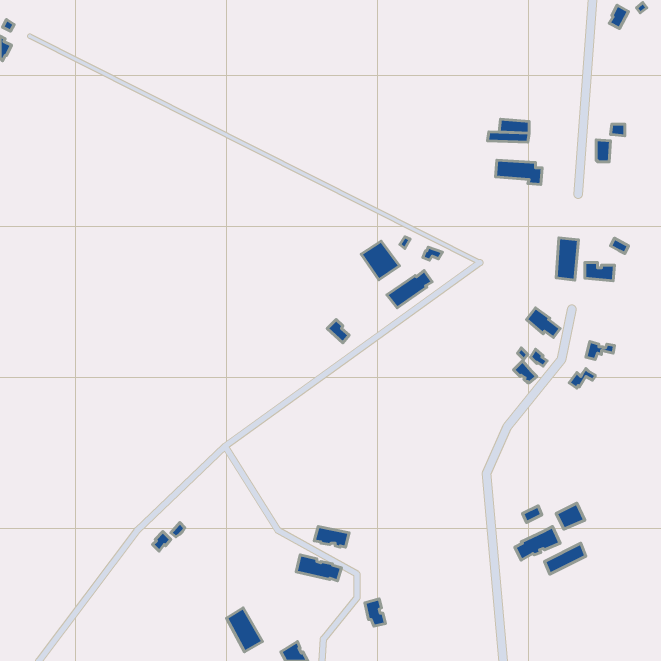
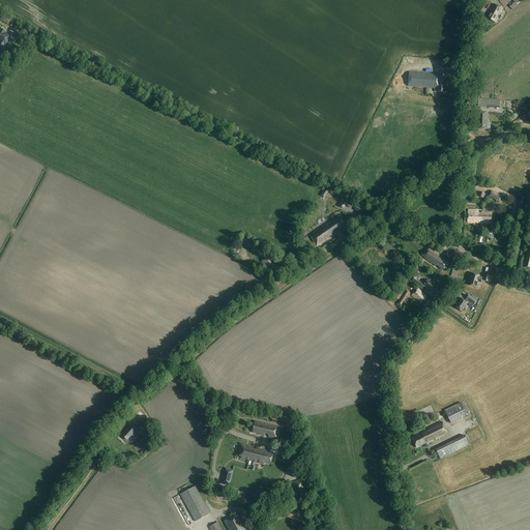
building: [496,160,542,185] -> [408,72,445,92]
building: [556,238,578,280] -> none
building: [361,241,400,280] -> none

